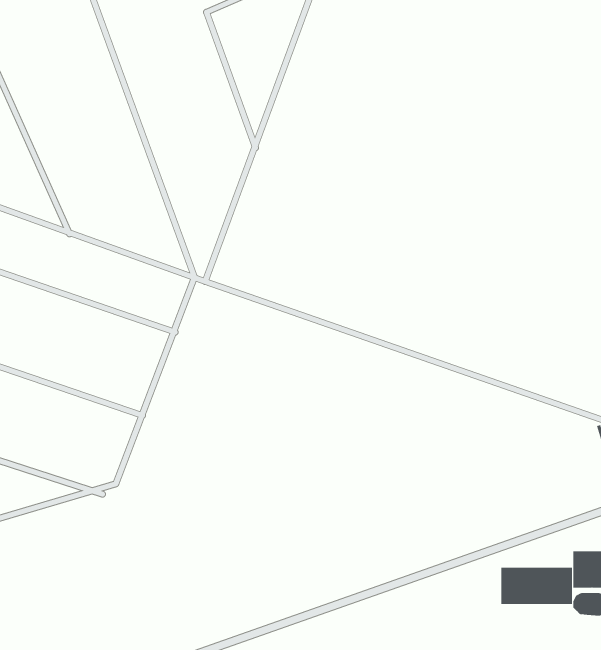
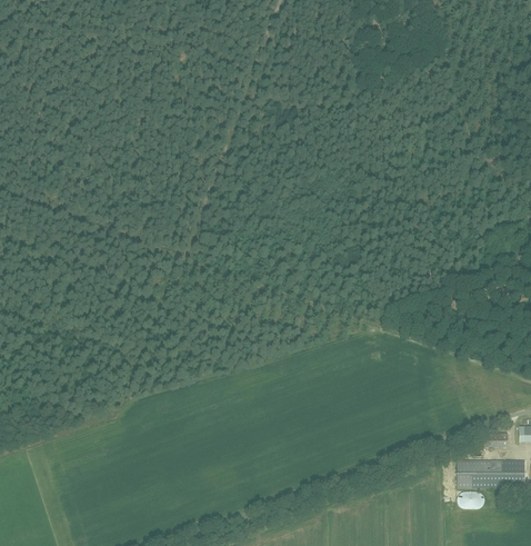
building: [501,567,572,605] -> none

